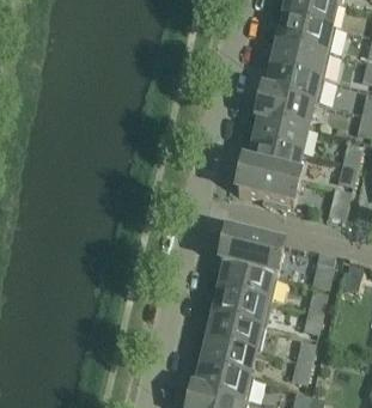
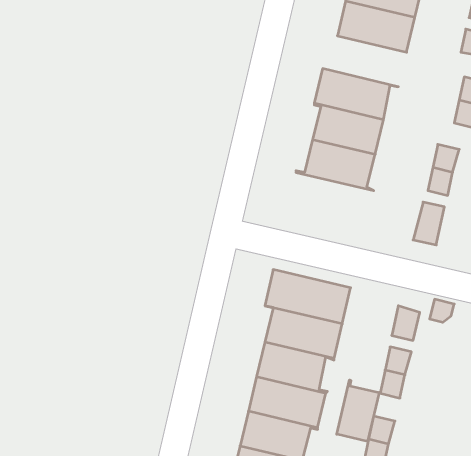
building: [262,66,323,103] -> none
building: [237,165,299,205] -> none
building: none -> [337,380,379,442]

